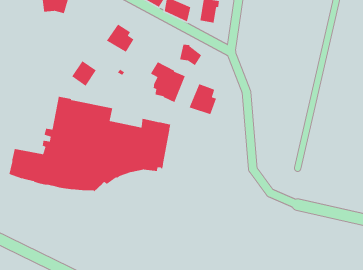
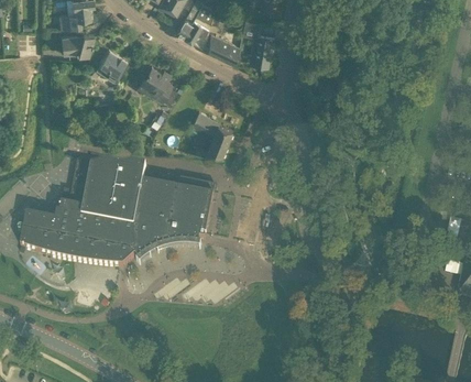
building: [179,44,202,66] -> none
building: [71,60,97,87] -> [96,48,127,80]
building: [189,83,220,115] -> none

